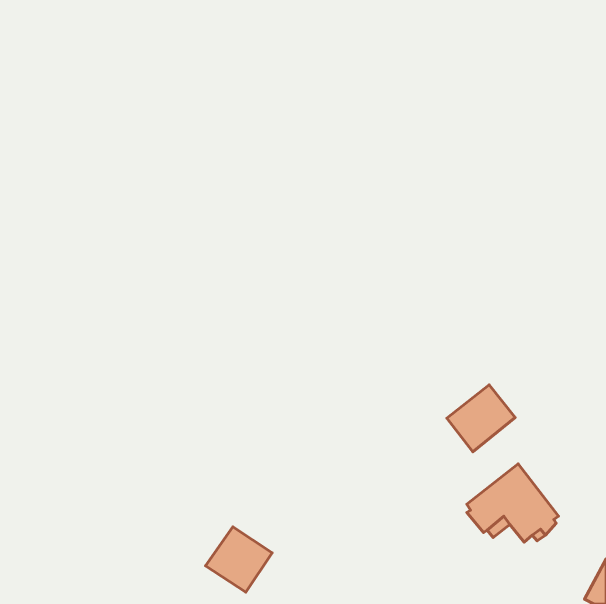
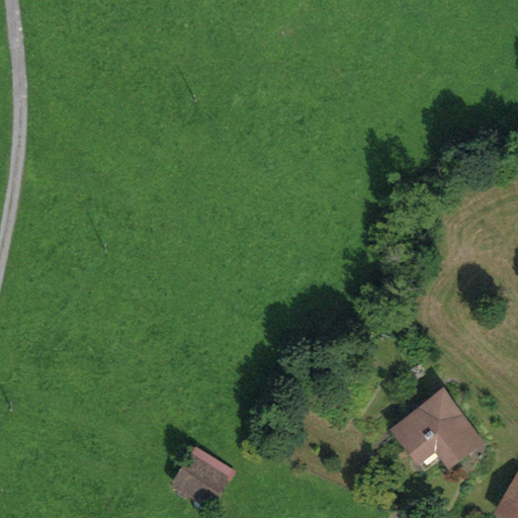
building: [447,385,515,452] -> none

